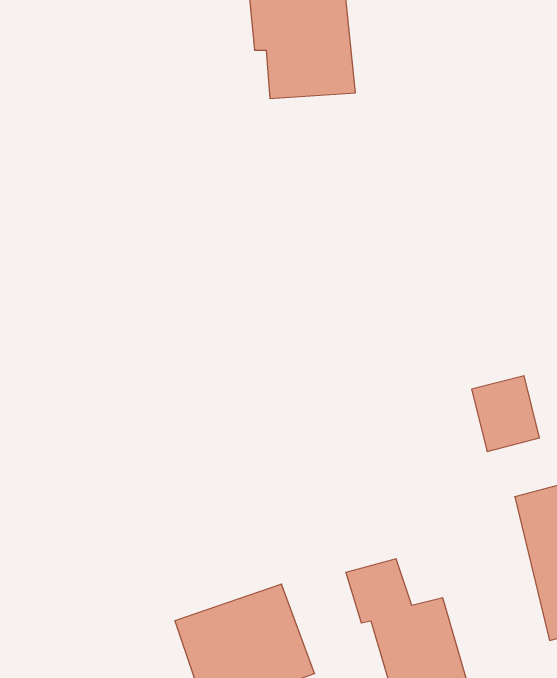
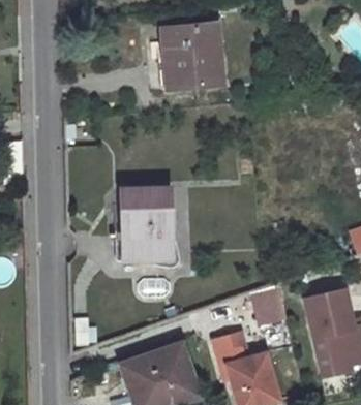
building: none -> [120,187,172,260]
building: [472,376,540,451] -> [251,286,288,326]

